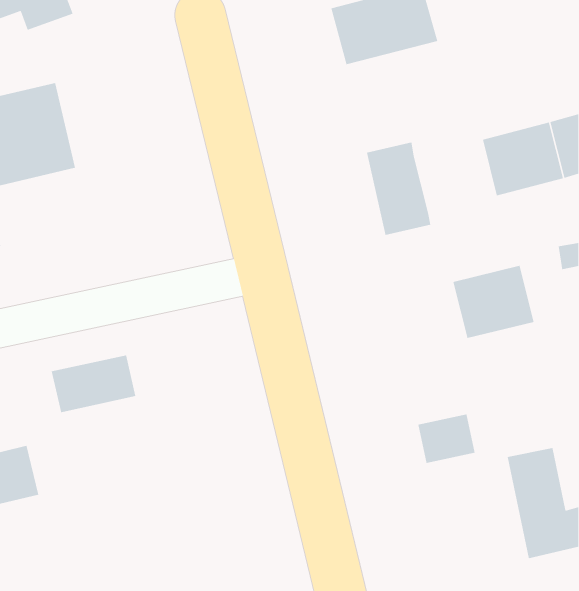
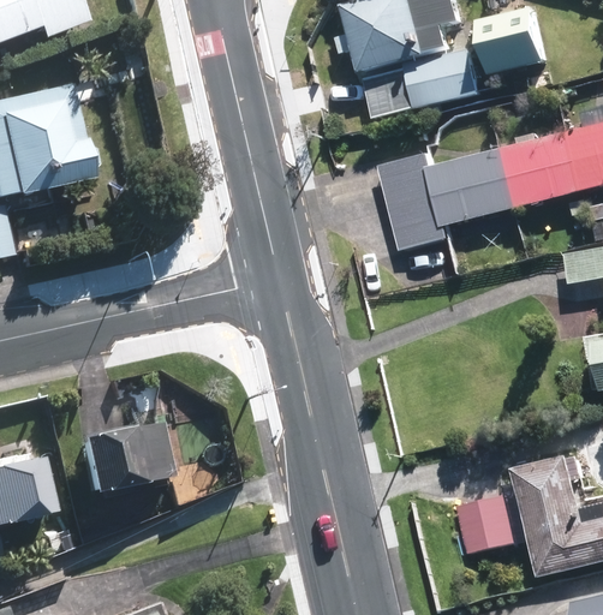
building: none -> [478,14,544,70]
building: none -> [366,54,478,119]
building: [453,265,534,339] -> [430,147,513,221]
building: [51,355,136,413] -> [78,428,165,486]
building: [418,414,476,464] -> [456,500,515,550]

